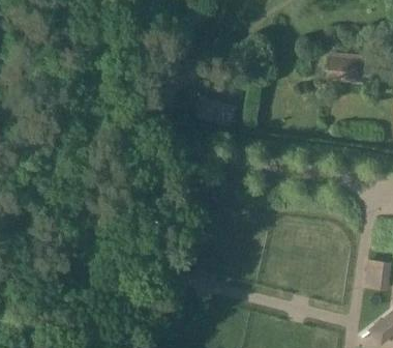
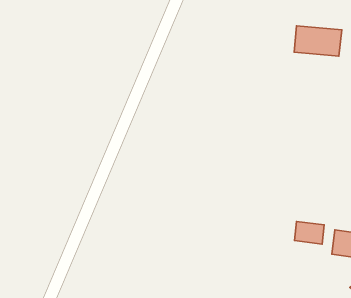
building: none -> [295,221,324,244]

